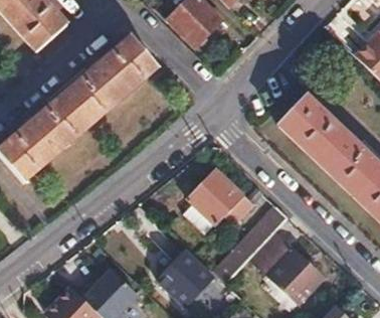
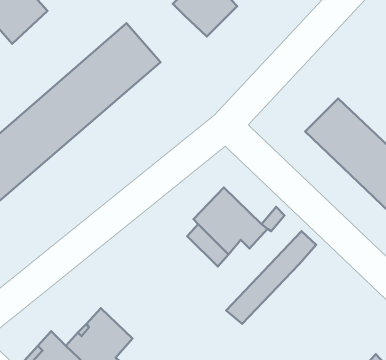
building: [250,232,323,303] -> none
building: [157,251,211,305] -> none

